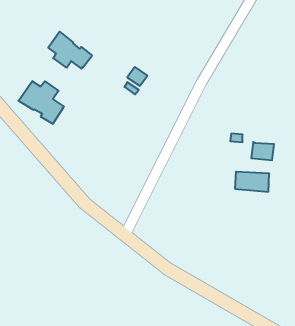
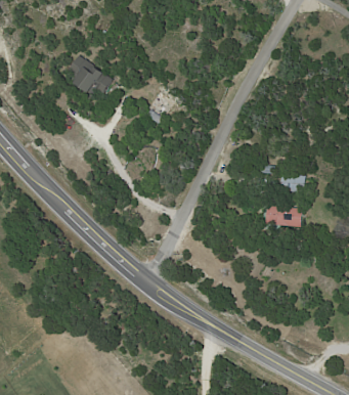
building: [18,81,64,124] -> none

